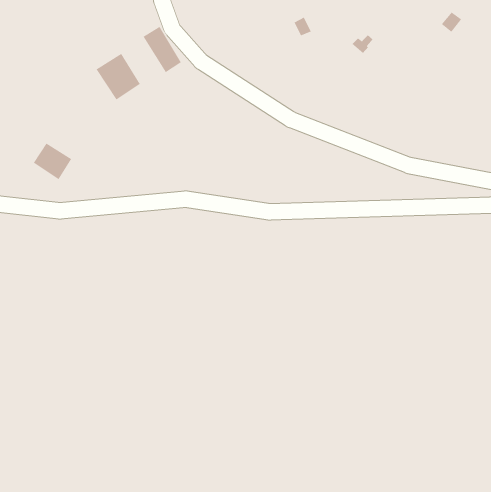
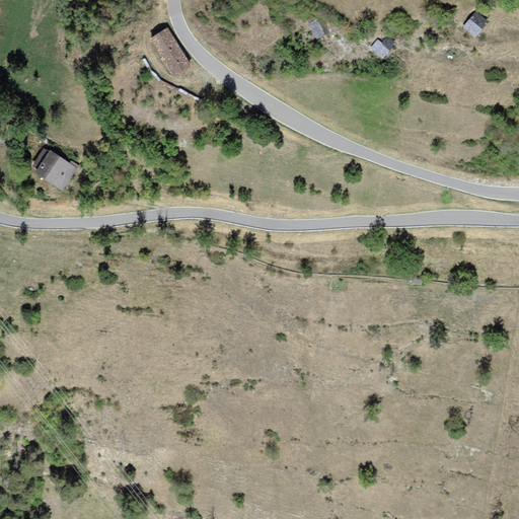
building: [96,53,141,100] -> none

